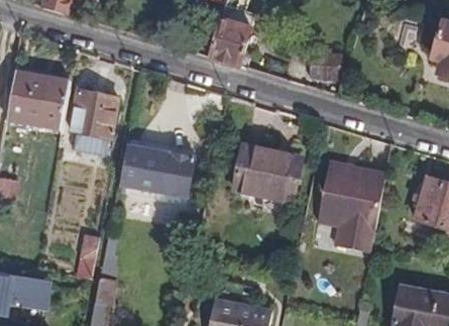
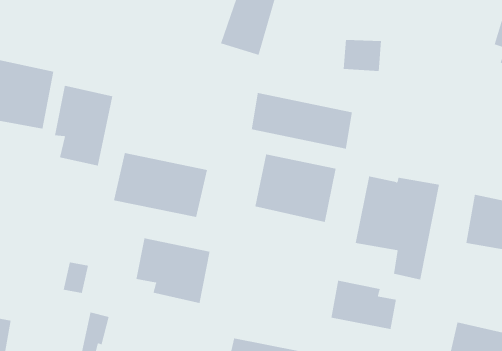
building: none -> [251,92,353,150]
building: none -> [136,238,210,304]
building: none -> [331,280,397,330]

